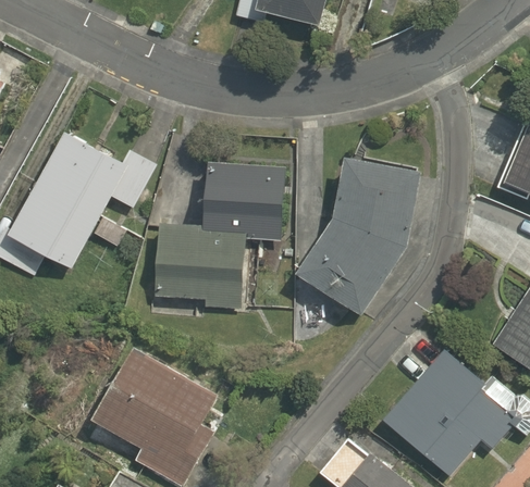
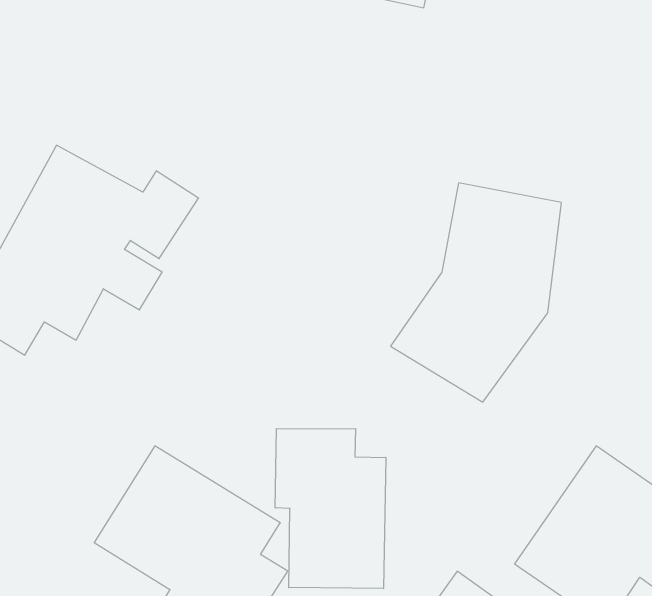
building: [157,162,286,309] -> none
building: none -> [275,429,386,589]

